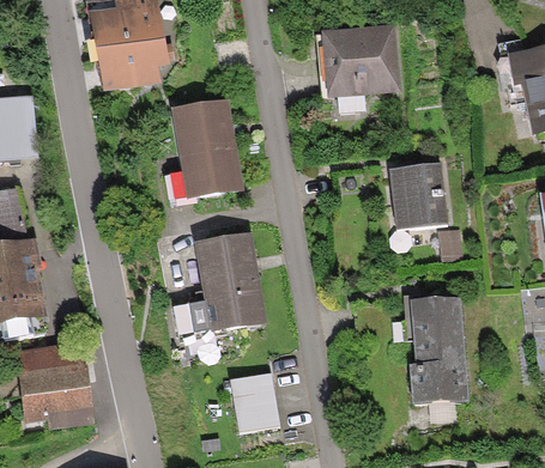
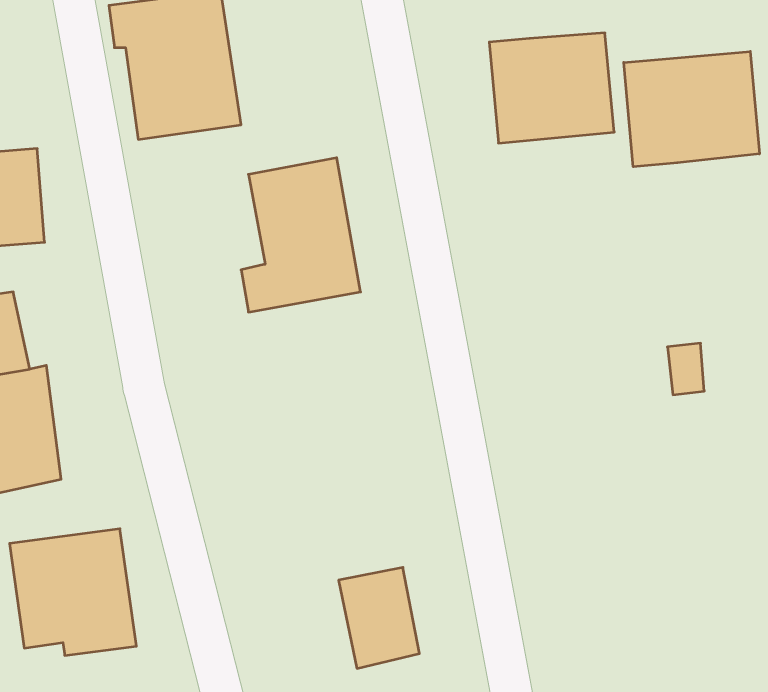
building: none -> [624,51,759,167]
building: [393,159,450,225] -> none
building: [171,237,266,340] -> none
building: [412,293,471,401] -> none

